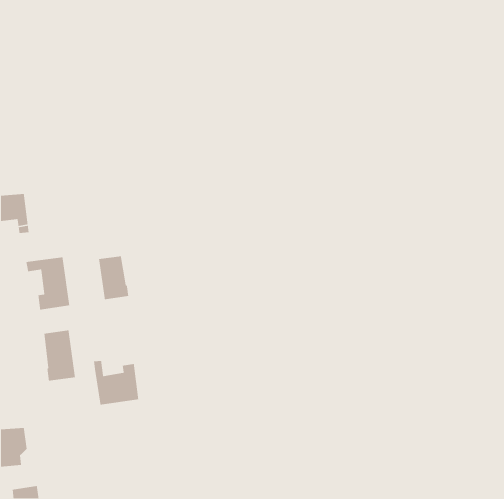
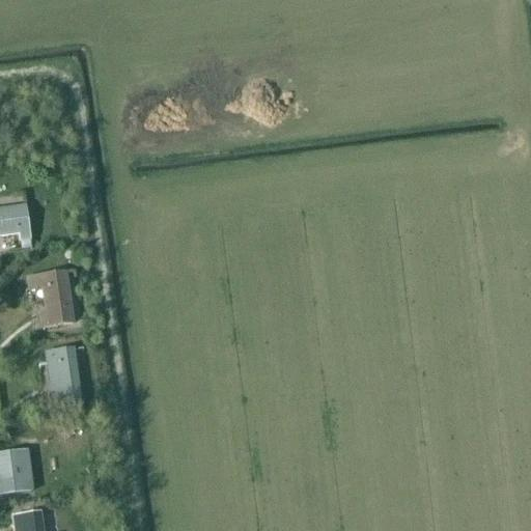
building: [98,255,129,300] -> none
building: [93,360,139,406] -> none

